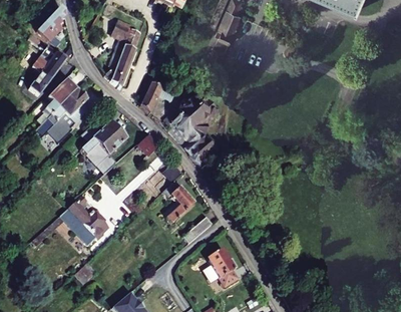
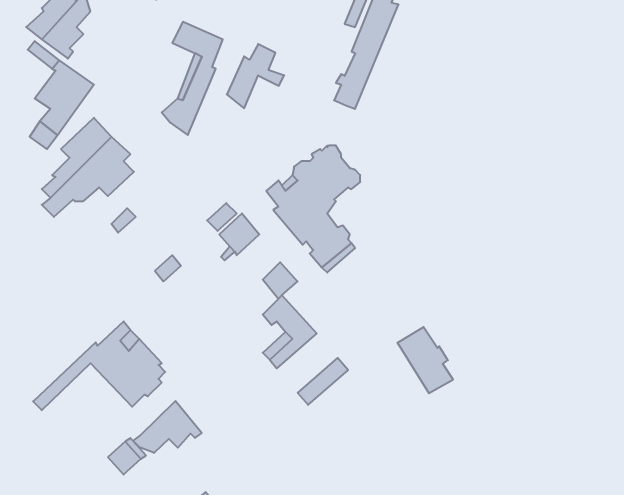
building: [140,77,173,114] -> [227,44,284,108]
building: [80,125,125,158] -> none
building: none -> [133,401,202,453]
building: [208,250,240,288] -> [397,327,453,393]

